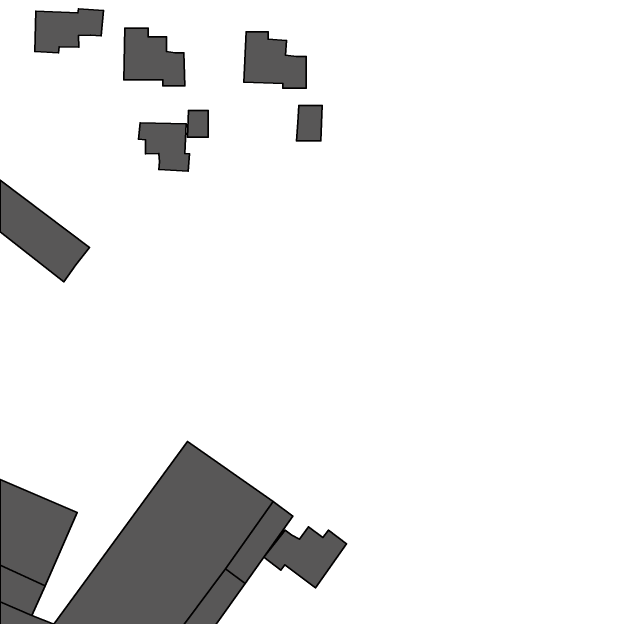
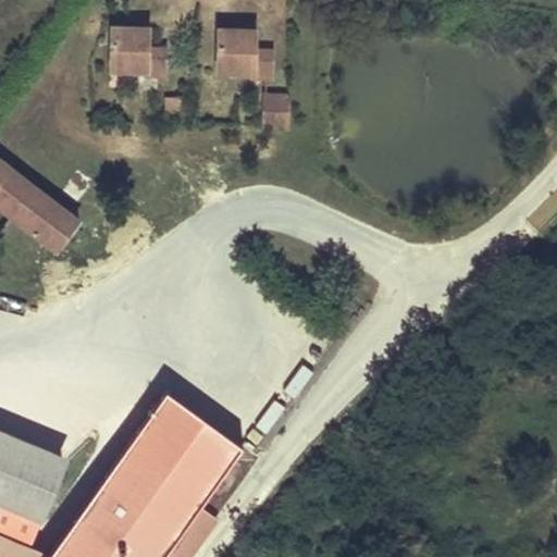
building: [35,9,103,53] -> none
building: [139,123,189,171] -> none
building: [264,527,347,588] -> none

